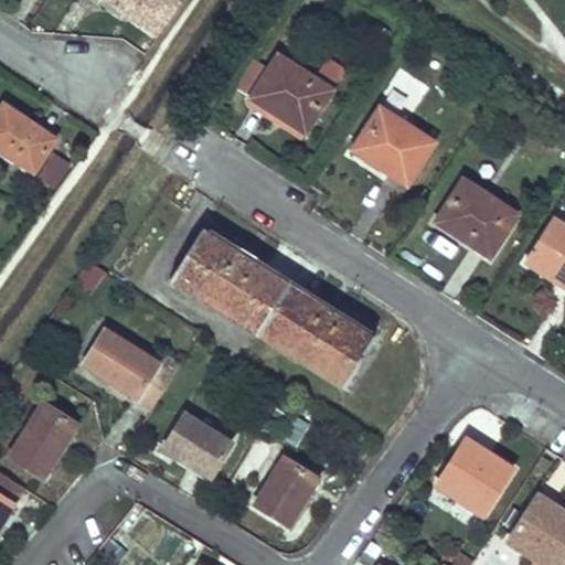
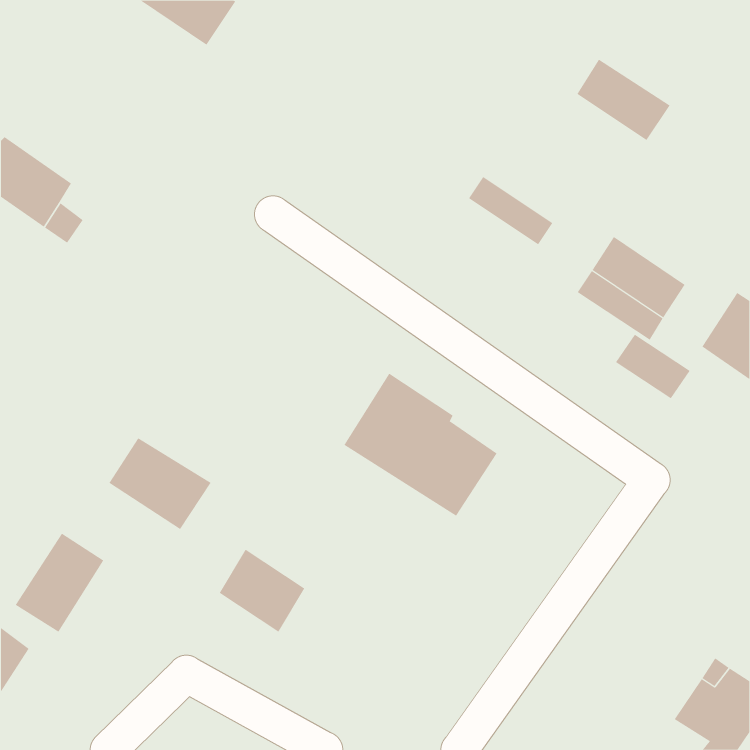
building: [249,54,330,131] -> none
building: [363,106,434,168] -> [576,59,670,141]
building: [170,231,292,334] -> none
building: none -> [615,334,690,399]
building: [435,438,511,512] -> none
building: [255,457,317,523] -> none

